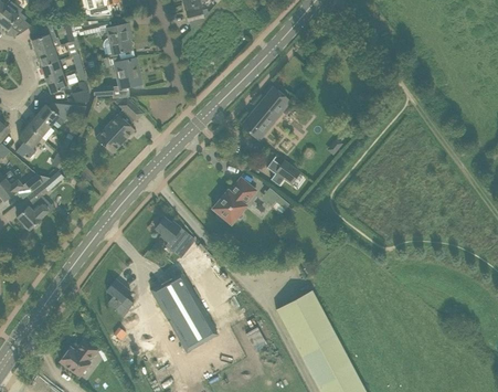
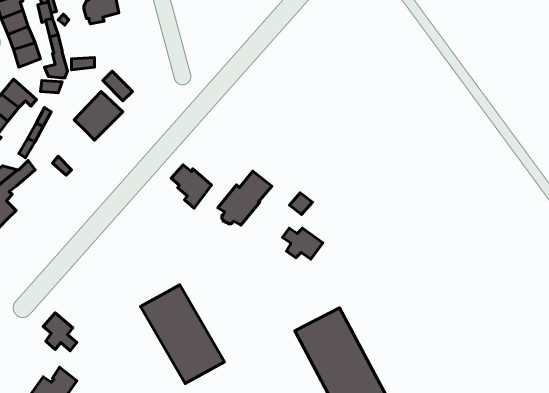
building: [104,56,141,88] -> none
building: [241,87,292,141] -> none
building: [267,160,300,186] -> [282,228,323,259]
building: [155,218,188,253] -> [171,165,212,208]
building: [106,279,134,310] -> [43,313,77,351]

